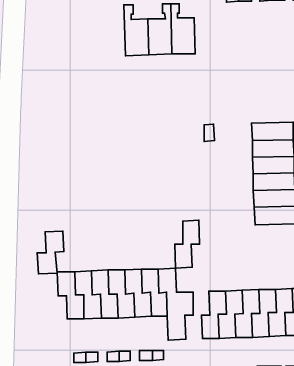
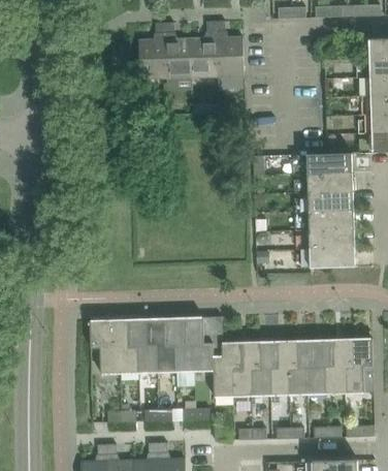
building: none -> [138,22,165,78]
building: [175,220,200,268] -> [231,342,259,396]
building: [37,231,64,274] -> none

